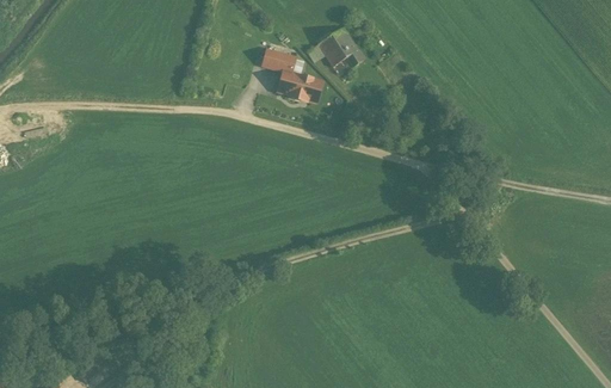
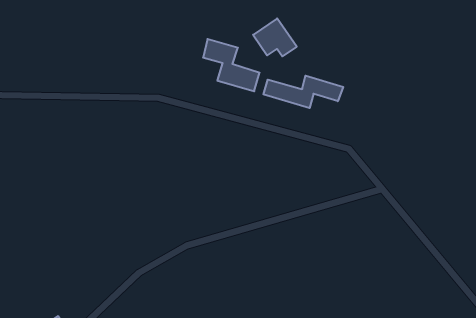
building: none -> [263,76,343,108]

